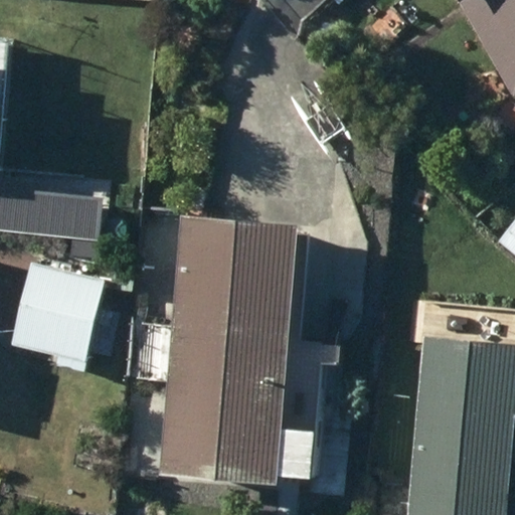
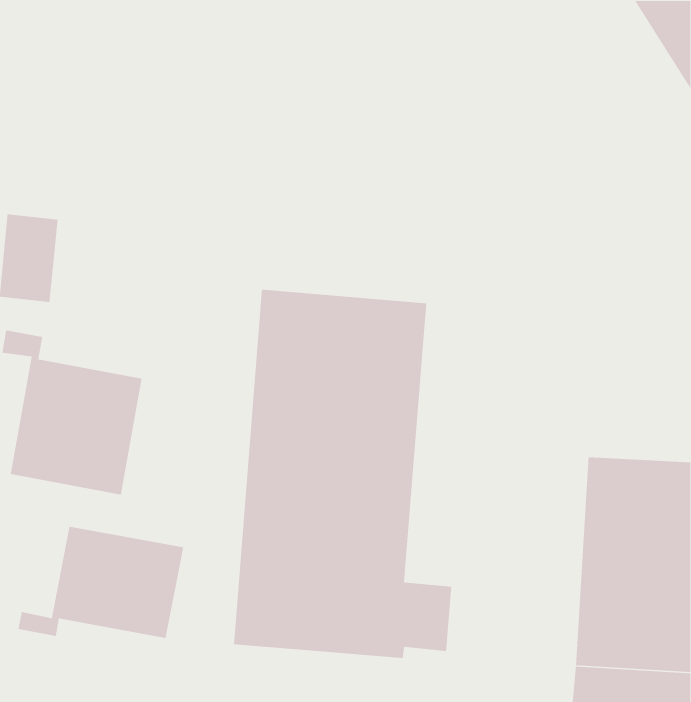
building: none -> [18,526,184,639]

